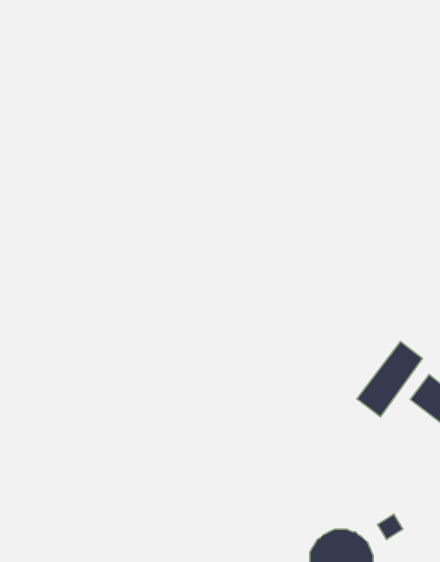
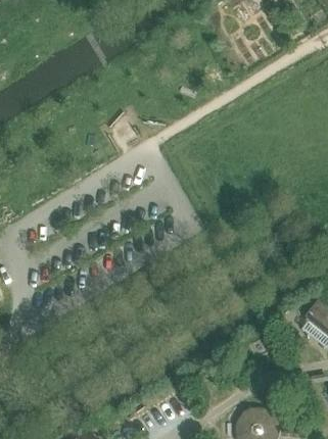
building: [357,341,422,417] -> none

